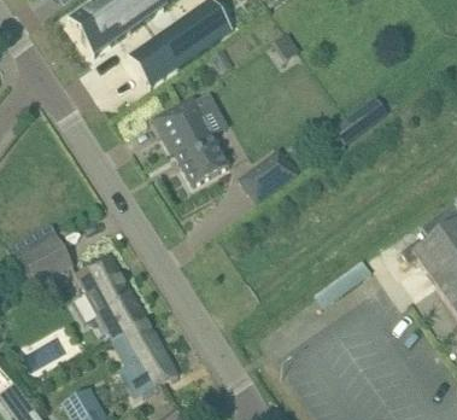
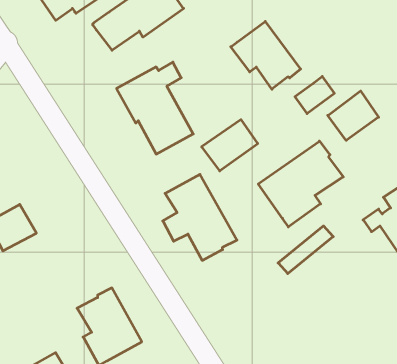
building: none -> [231,21,301,89]
building: none -> [328,91,379,140]
building: none -> [258,141,343,227]
building: [74,253,148,340] -> [163,174,237,260]

